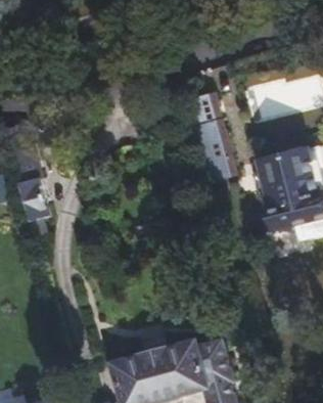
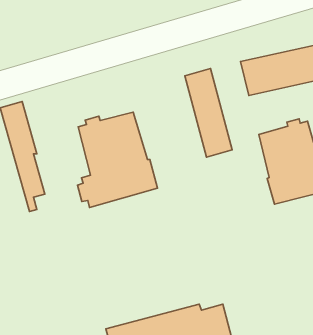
building: none -> [78,112,157,208]

